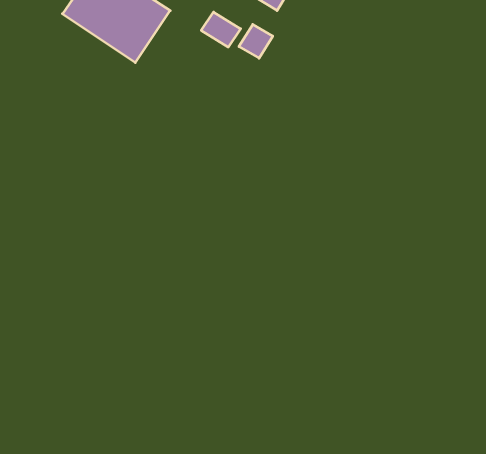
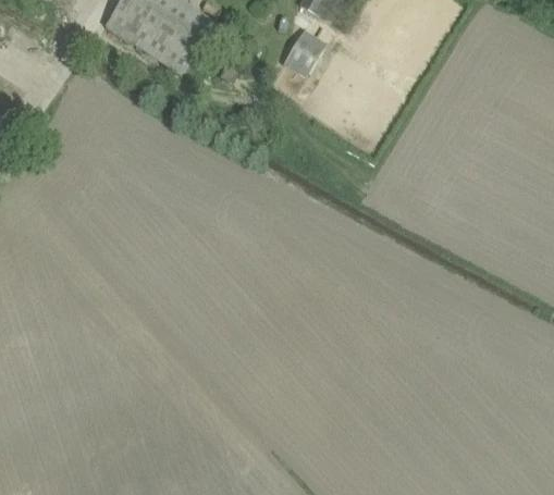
building: [201,12,241,47] -> none

